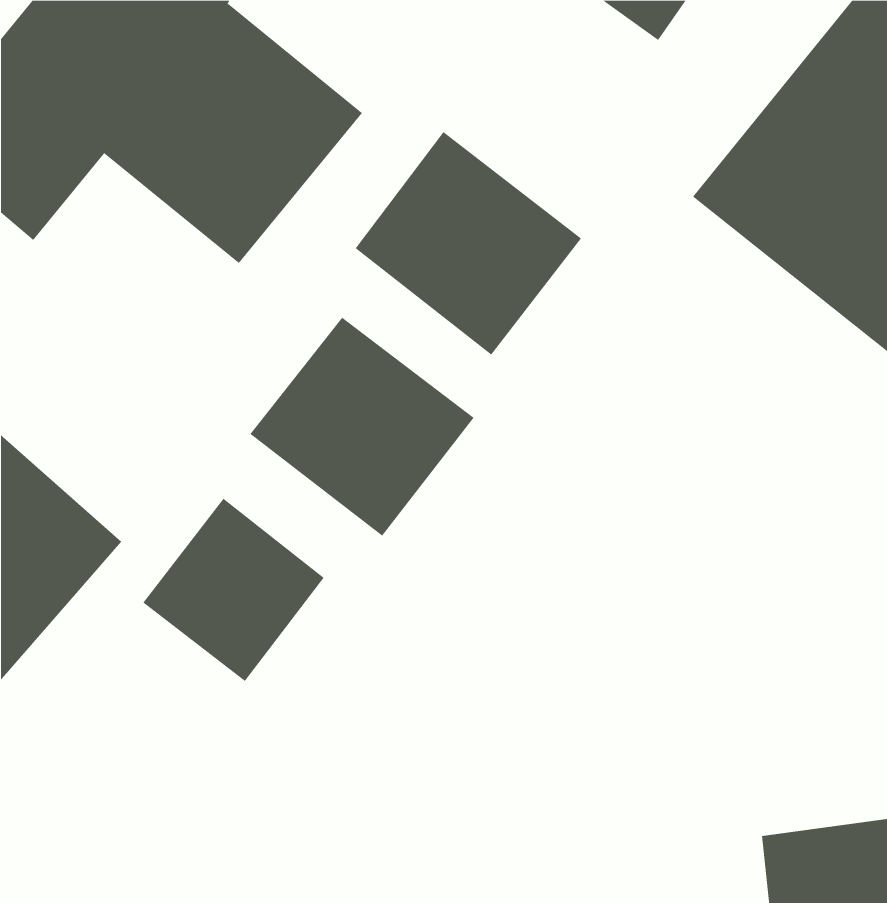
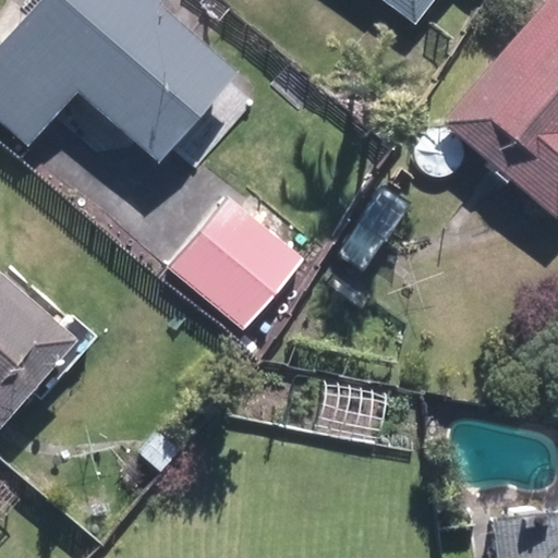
building: [355,131,582,356] -> none
building: [142,498,324,682] -> none

